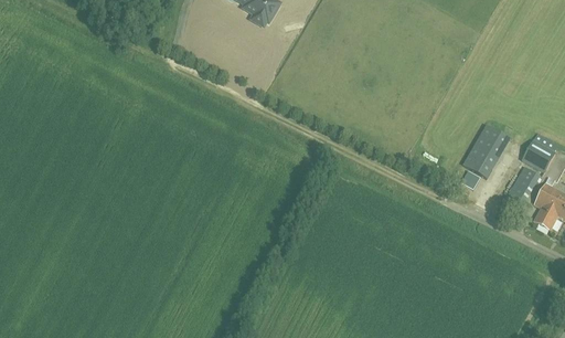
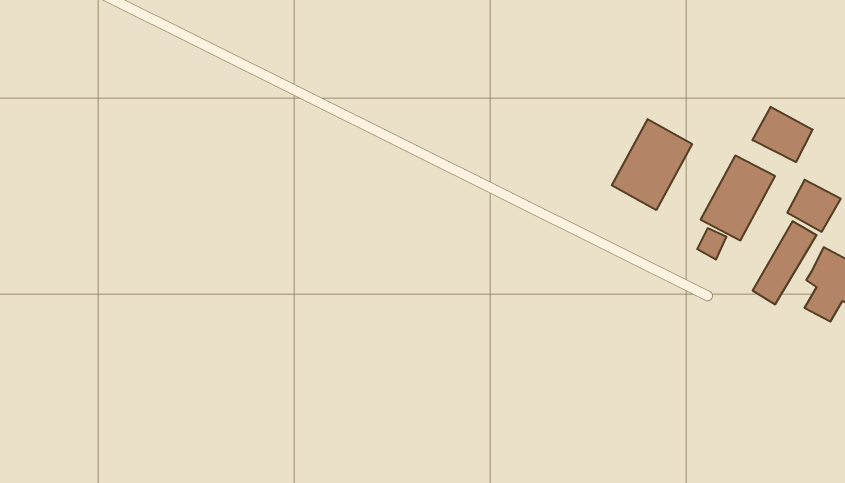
building: none -> [752,107,813,162]
building: none -> [612,119,692,210]

